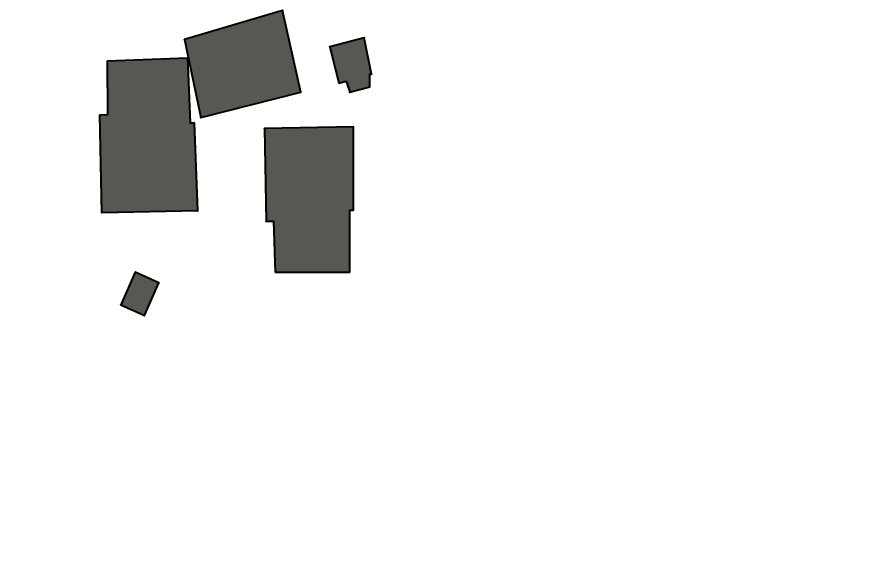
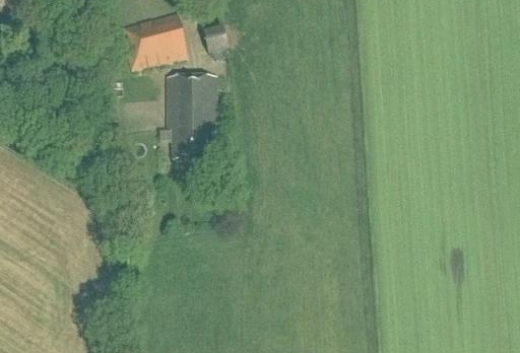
building: [100,58,198,213] -> none

